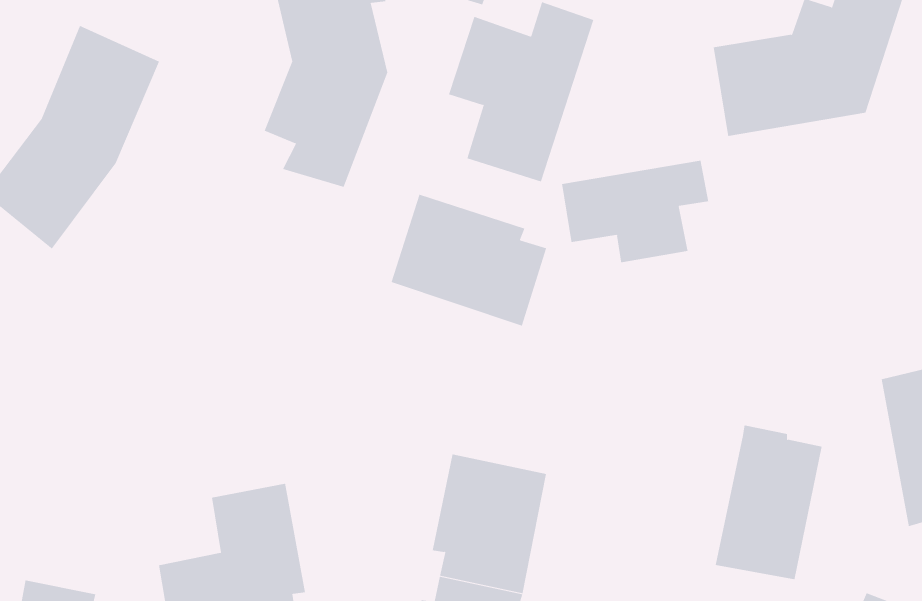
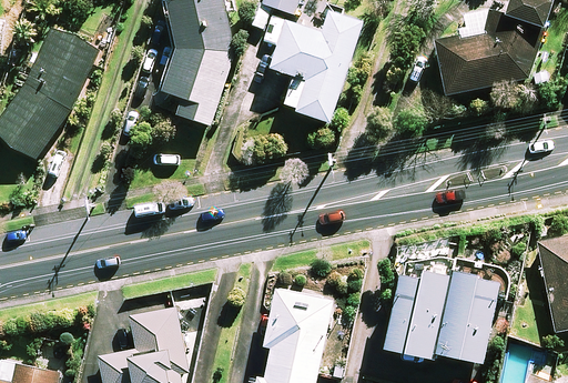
building: [562,160,709,263] -> none
building: [391,194,547,326] -> none
building: none -> [385,270,452,359]

